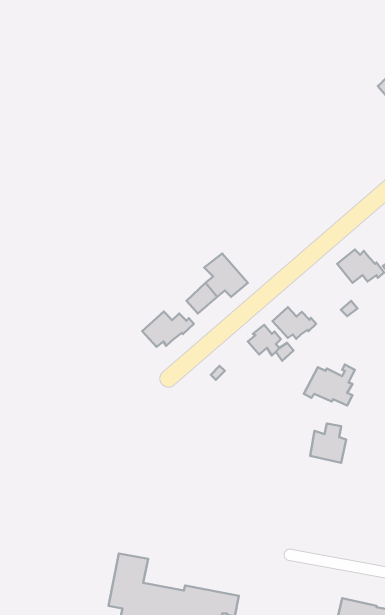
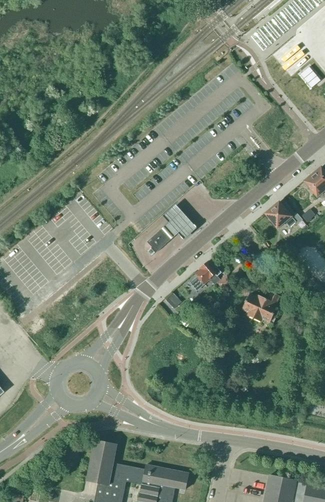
building: [272,307,316,339] -> none
building: [142,312,194,347] -> none
building: [310,423,346,463] -> none

